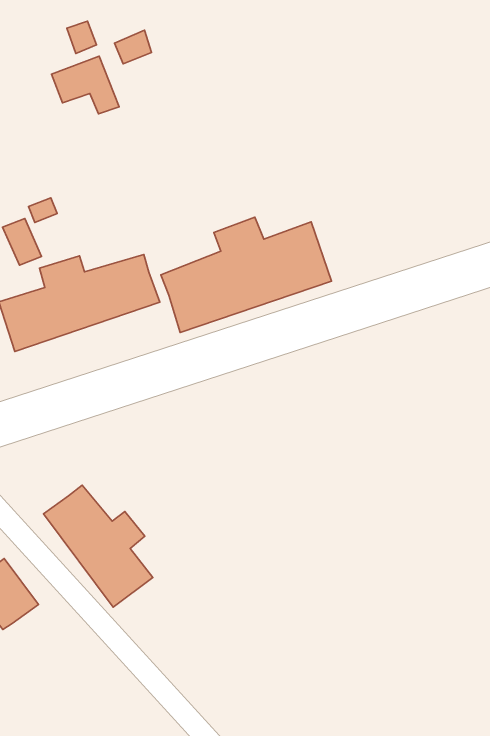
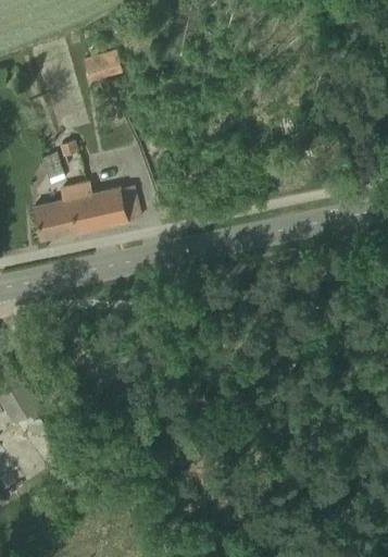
building: [161,217,332,332] -> none
building: [43,485,153,607] -> none

